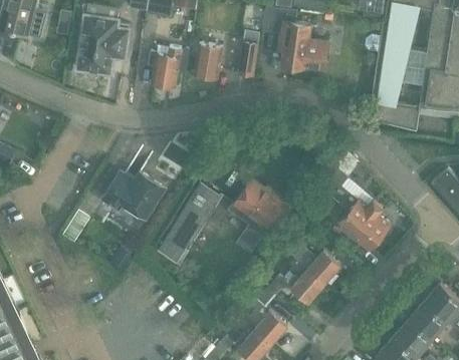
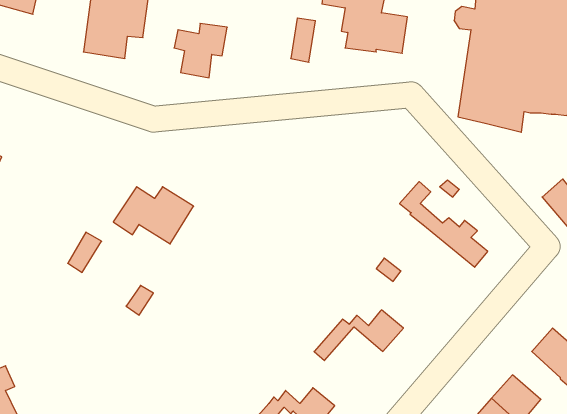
building: [194,43,223,79] -> none
building: [158,181,224,264] -> none
building: [231,182,292,252] -> none
building: [314,187,382,249] -> none
building: [294,247,342,283] -> none
building: [411,301,448,338] -> none
building: [256,311,289,343] -> none

